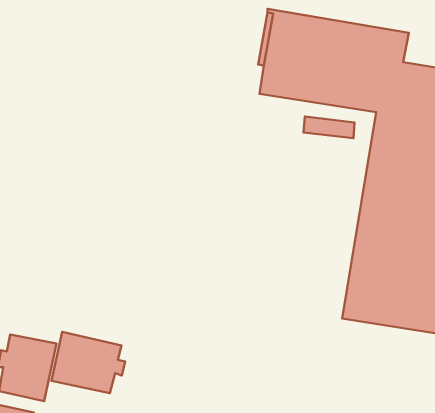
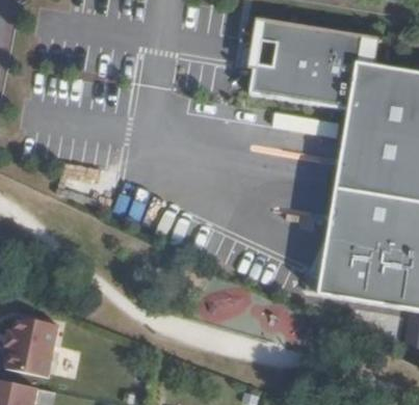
building: [51,332,125,393] -> none

